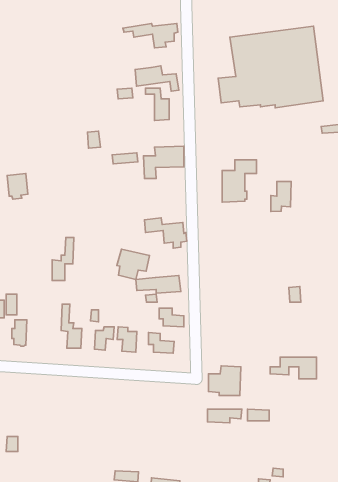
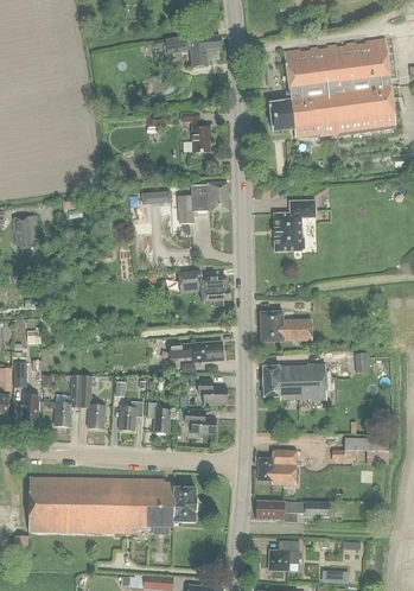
building: [135,66,179,91] -> none
building: [271,182,291,211] -> none
building: [52,237,74,281] -> [53,374,79,426]
building: [117,249,149,280] -> none
building: none -> [259,311,310,342]
building: none -> [261,363,325,400]
building: none -> [27,476,199,534]
building: none -> [267,540,298,570]

